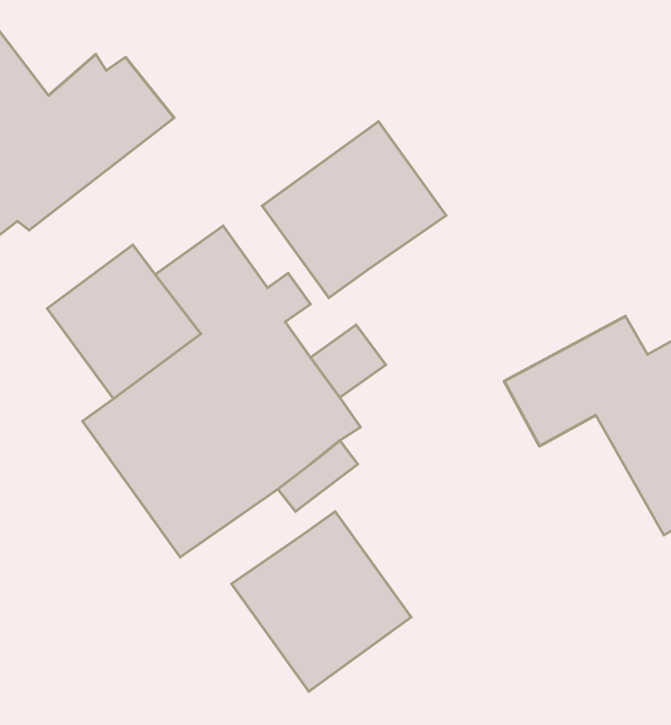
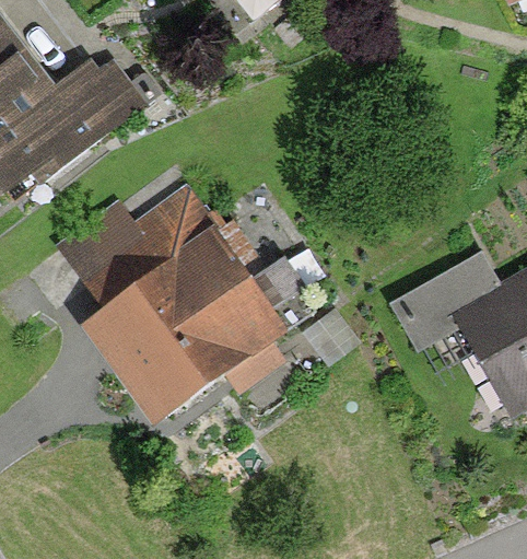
building: [262,121,446,298] -> none
building: [232,512,411,691] -> none

